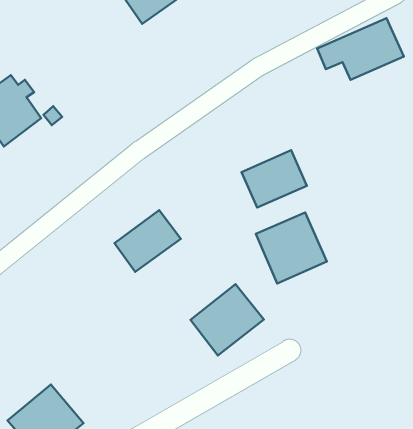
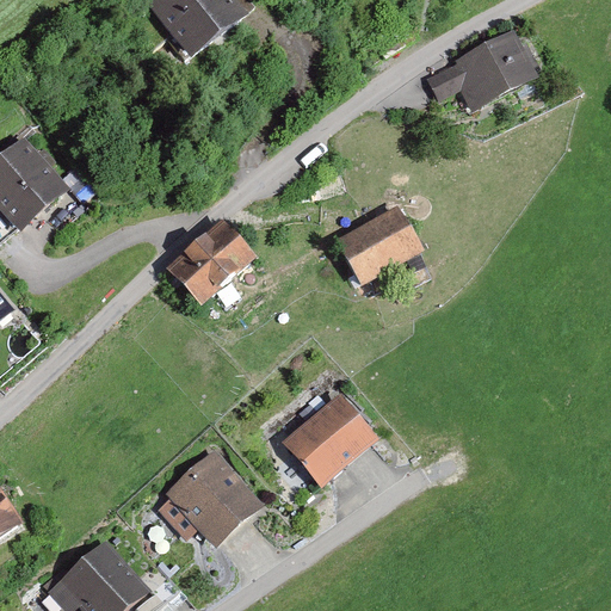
building: [114,210,181,272] -> [167,220,254,303]
building: [256,213,327,284] -> none
building: none -> [159,448,266,551]

